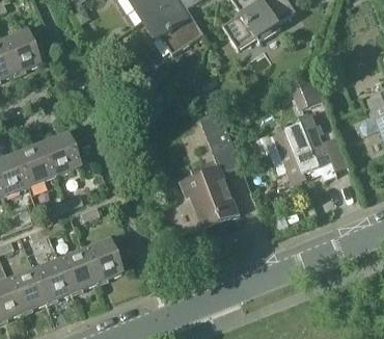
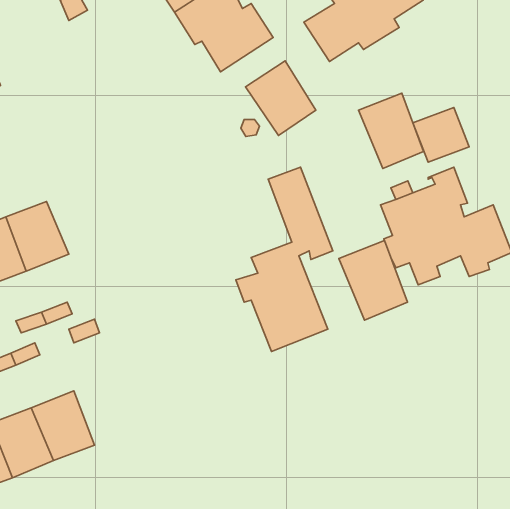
building: none -> [246,61,316,135]
building: none -> [359,93,424,169]
building: none -> [339,241,407,320]
building: [83,239,121,283] -> none

